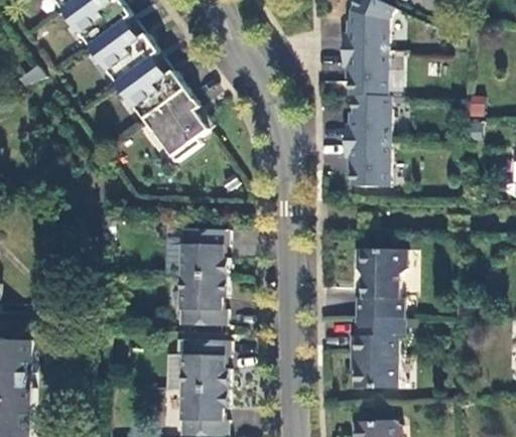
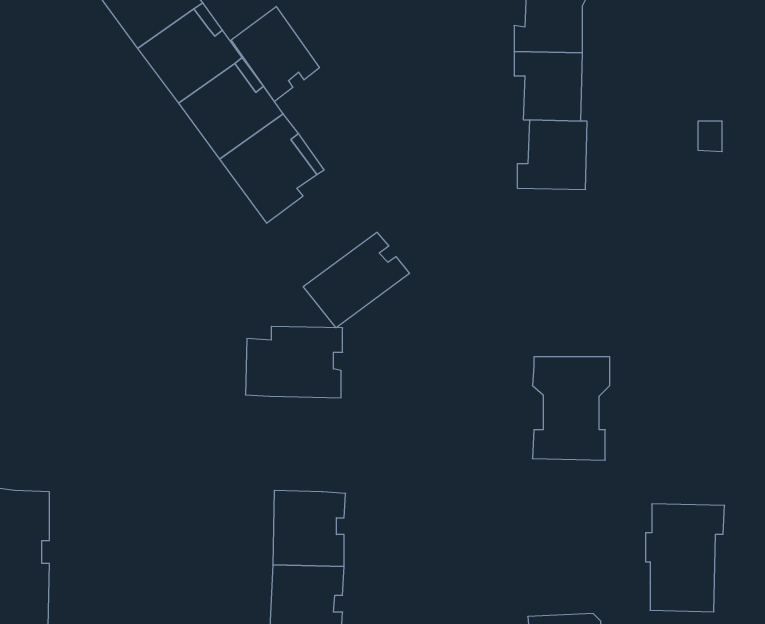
building: none -> [231,6,319,101]
building: [344,139,389,185] -> none
building: none -> [303,232,410,328]
building: [178,277,227,327] -> none
building: [350,318,402,390] -> [646,504,725,612]

